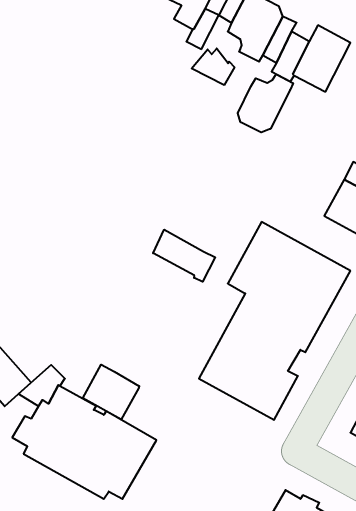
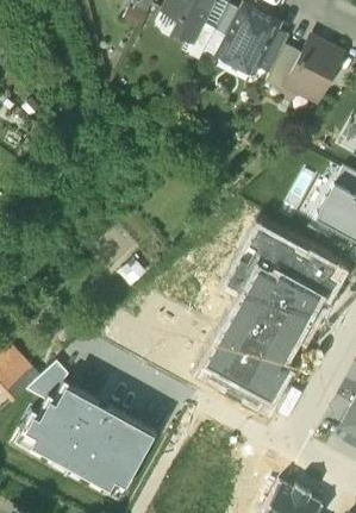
building: [192,48,234,85] -> none
building: [238,74,293,132] -> none
building: [153,230,215,282] -> none
building: [83,365,139,420] -> none

